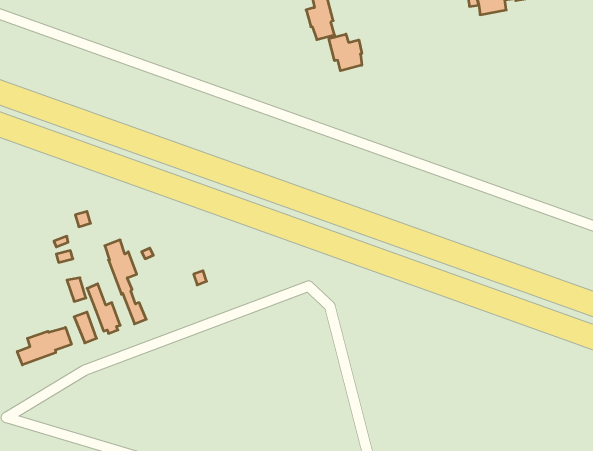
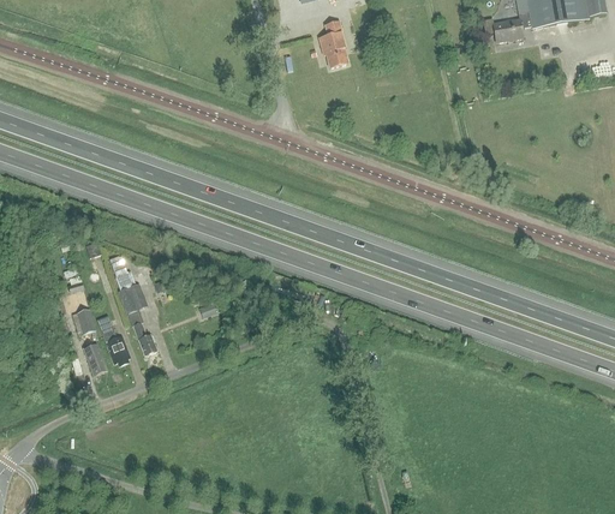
building: [329,34,362,71] -> none
building: [17,327,71,365] -> none

